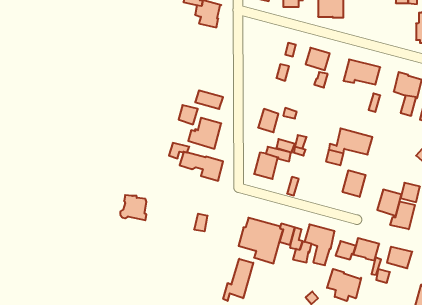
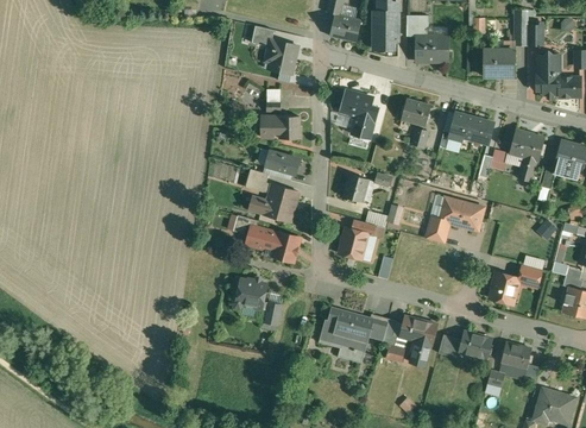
building: none -> [483,50,515,76]
building: none -> [340,90,372,120]
building: none -> [262,117,300,139]
building: [343,170,366,197] -> none
building: [120,195,146,220] -> [233,278,265,309]
building: [390,201,415,229] -> none
building: [223,259,253,301] -> none
building: [327,269,361,301] -> none

